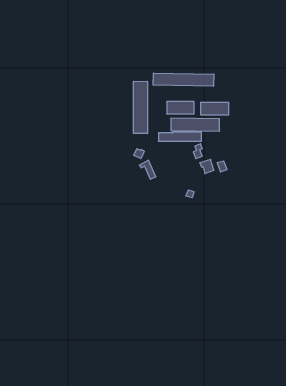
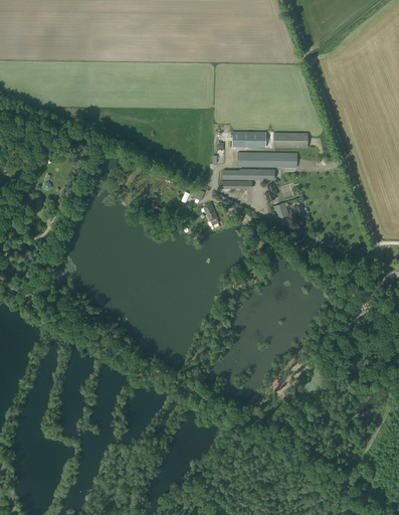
building: [153,73,214,86] -> none
building: [133,81,147,134] -> none

